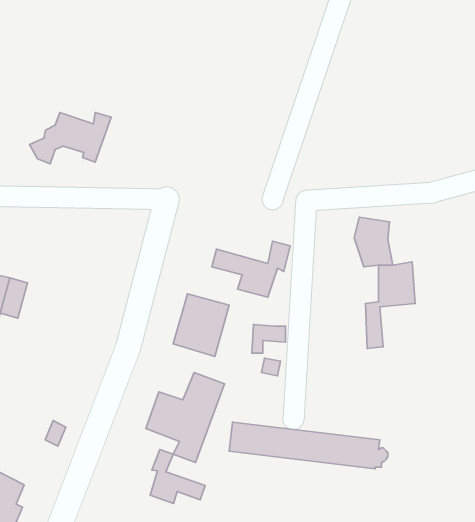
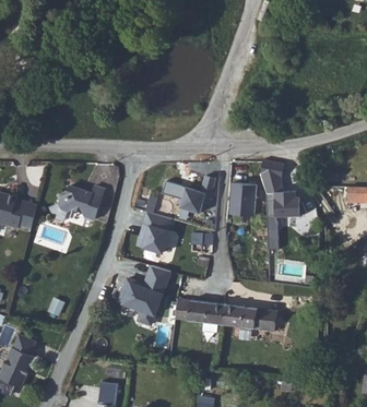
building: [29,112,111,164] -> [49,185,105,220]
building: none -> [228,183,257,215]
building: [150,450,205,504] -> none

